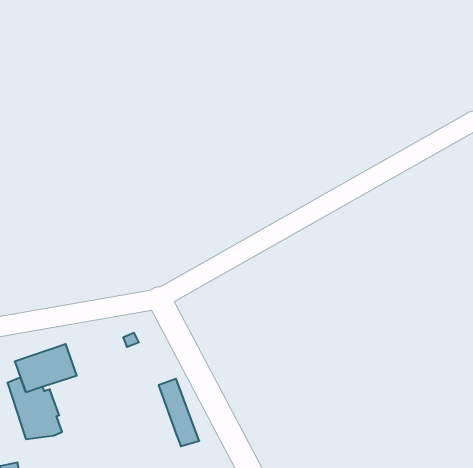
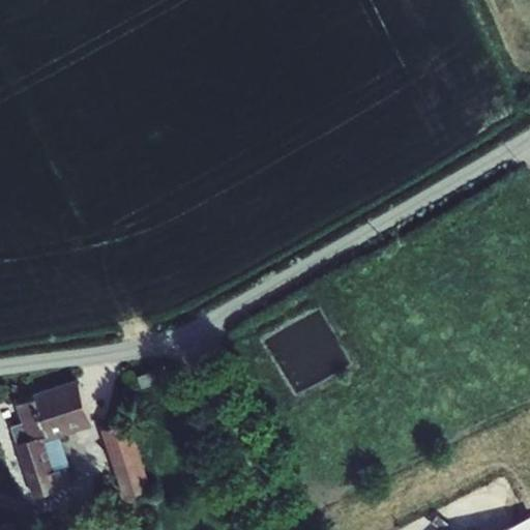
building: [159,379,199,446] -> [104,421,149,497]

